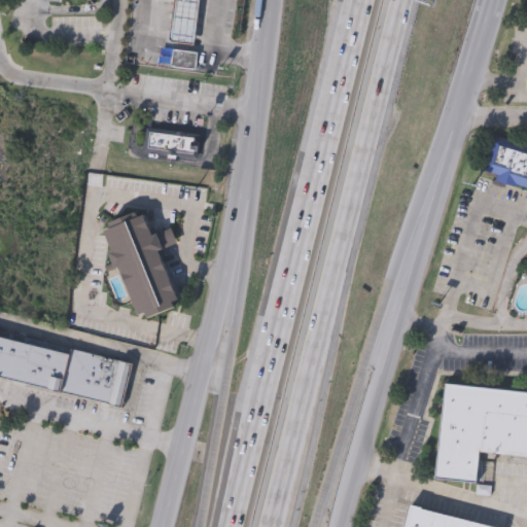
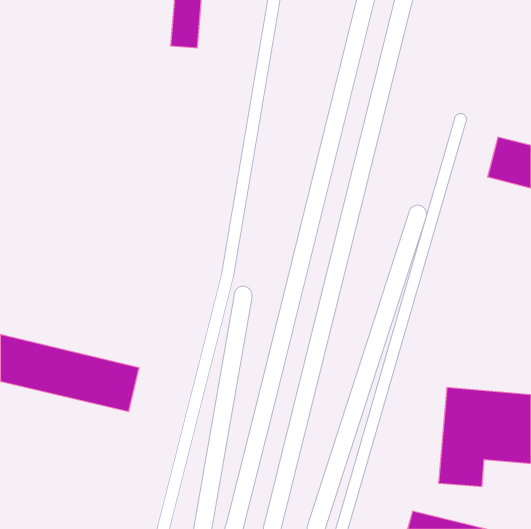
building: [171,47,200,70] -> none
building: [145,132,195,155] -> none
building: [102,212,182,317] -> none

